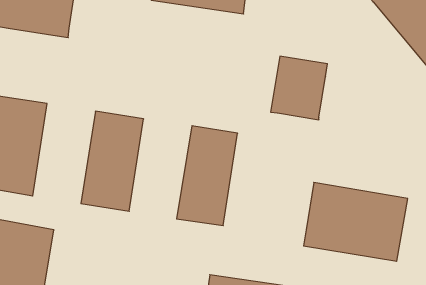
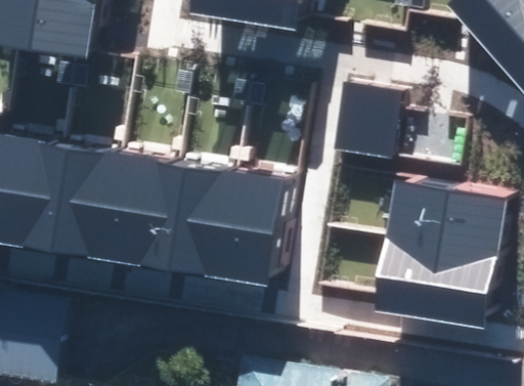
building: none -> [41,141,117,262]
building: none -> [158,160,233,281]
building: none -> [381,175,505,256]

